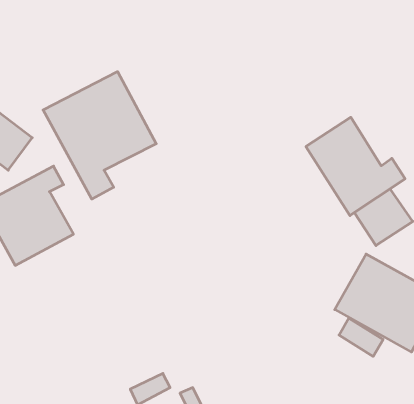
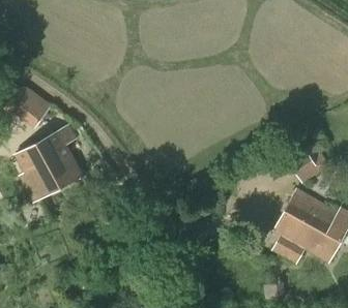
building: [43,72,156,199] -> none
building: [306,117,405,216] -> none

